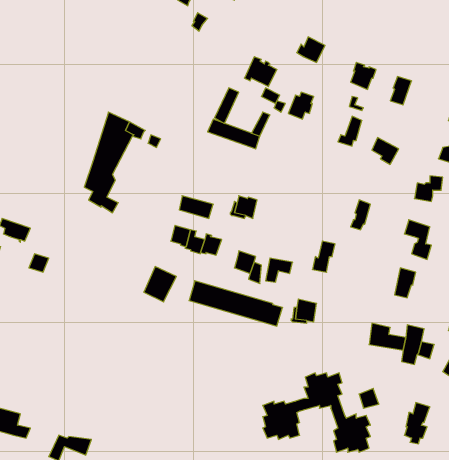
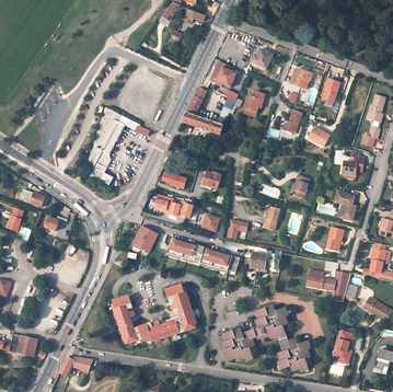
building: none -> [113,284,195,343]

